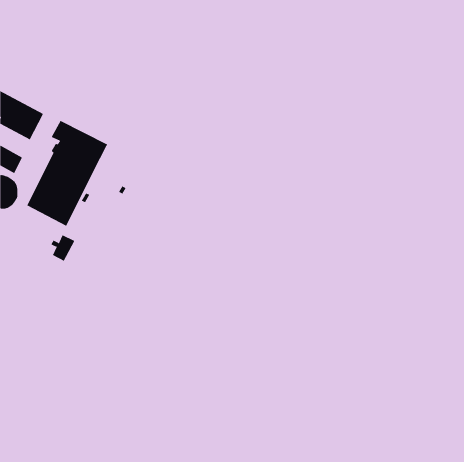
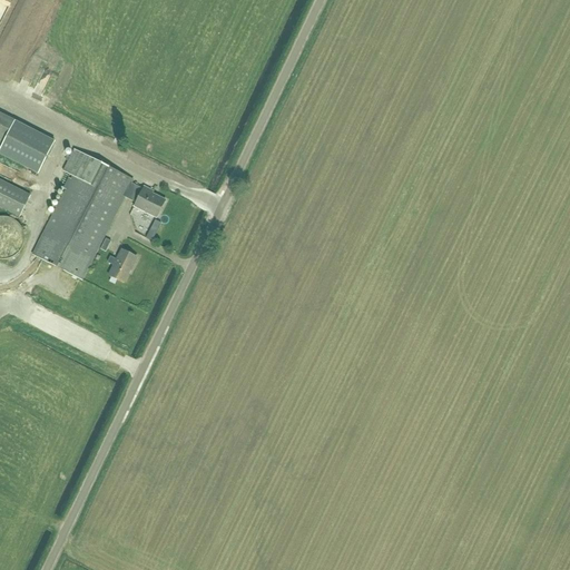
building: none -> [124,180,164,215]
building: [50,234,75,262] -> [106,247,136,281]

